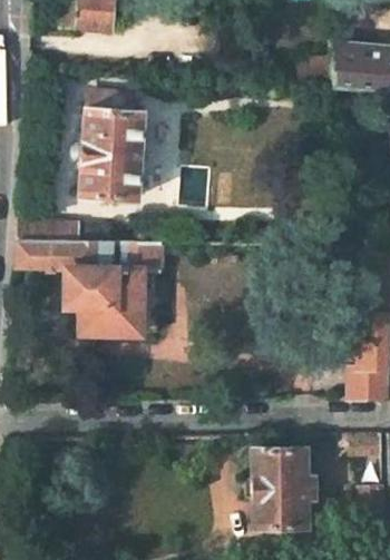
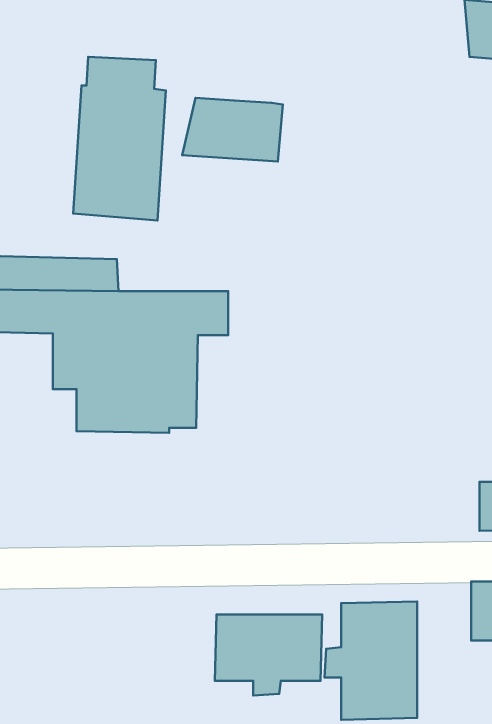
building: none -> [182,98,283,161]
building: none -> [215,615,322,695]

